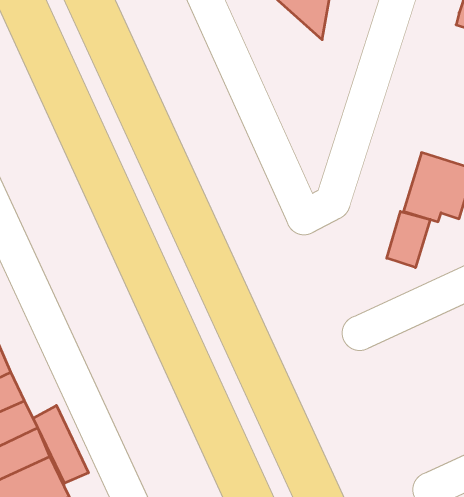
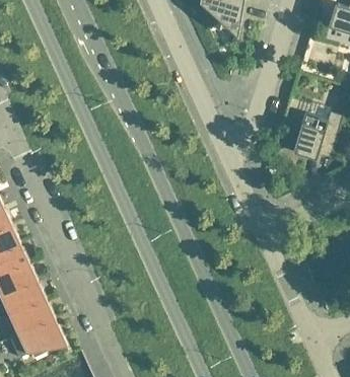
building: [387,211,430,268] -> none
building: [33,405,88,483] -> none

